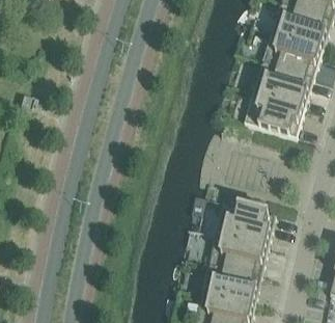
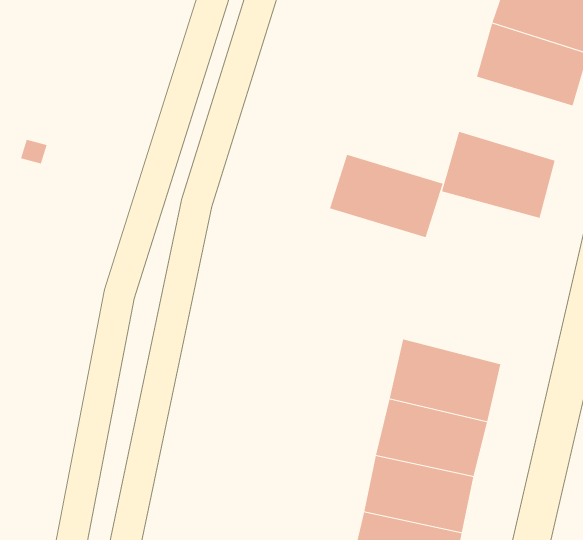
building: [254,60,315,105] -> [329,154,444,238]

